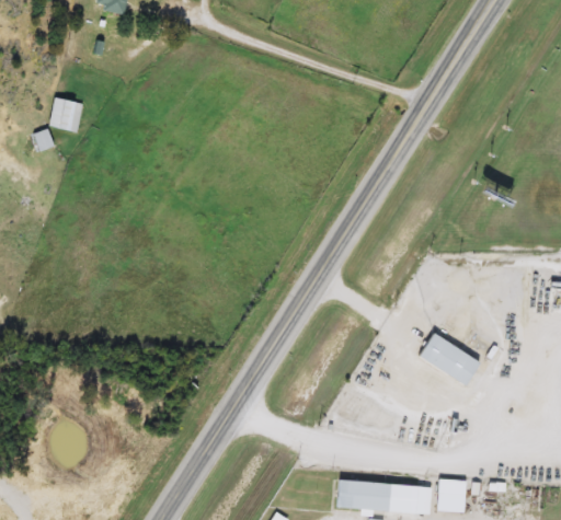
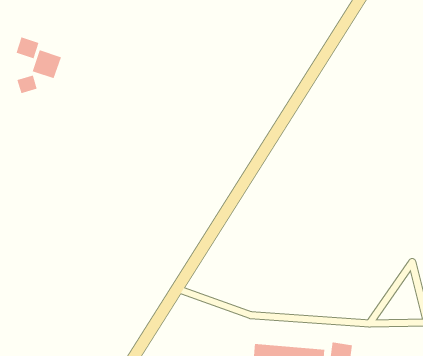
building: none -> [16,37,39,59]
building: [417,333,480,385] -> none

